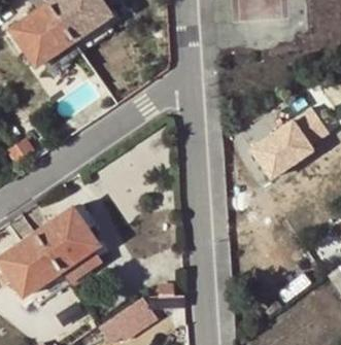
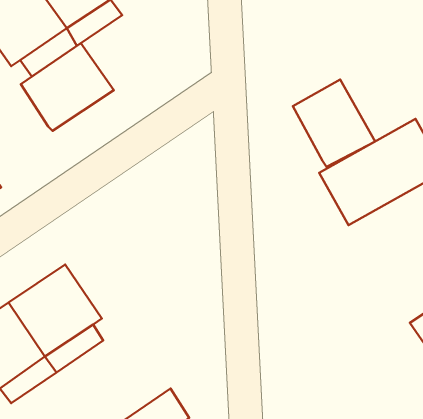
building: none -> [21,43,114,131]
building: none -> [293,80,375,167]

